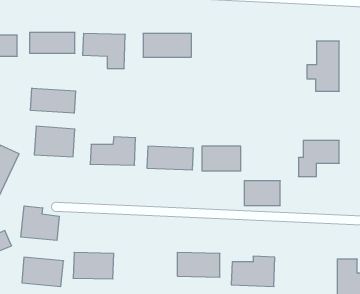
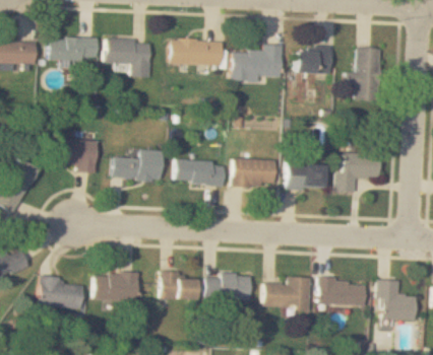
building: none -> [232,44,282,79]
building: none -> [295,48,331,73]
building: [30,88,76,113] -> none
building: [244,181,280,205] -> [288,163,326,190]
building: [21,206,59,240] -> none
building: none -> [162,273,197,298]
building: none -> [320,280,367,305]

